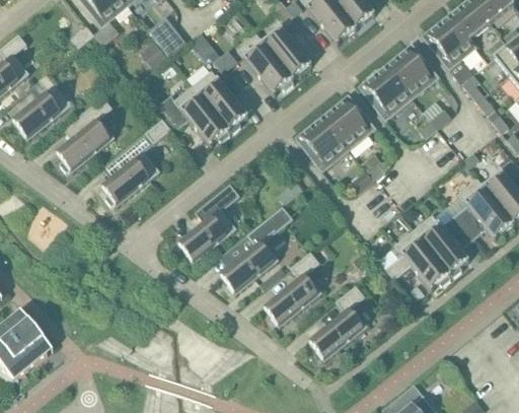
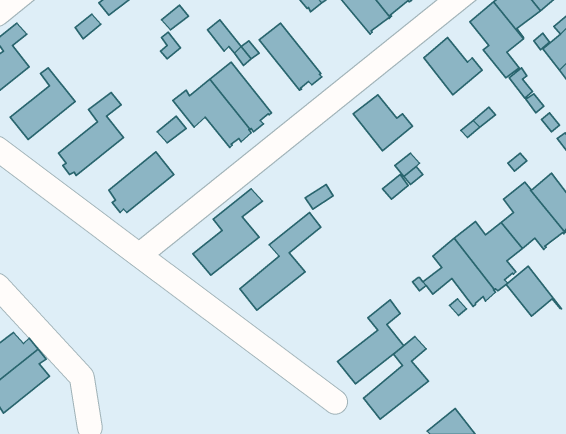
building: [256,25,312,79] -> none
building: [364,65,413,120] -> none
building: [301,116,349,170] -> none
building: [264,251,322,326] -> [363,336,428,419]
building: none -> [506,266,561,316]

